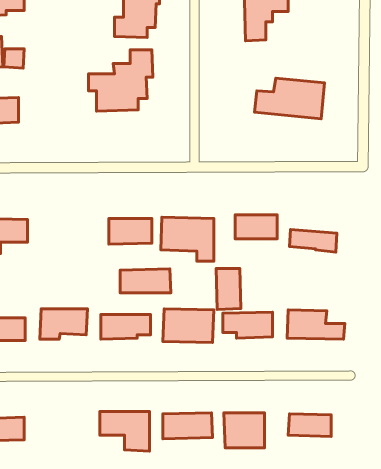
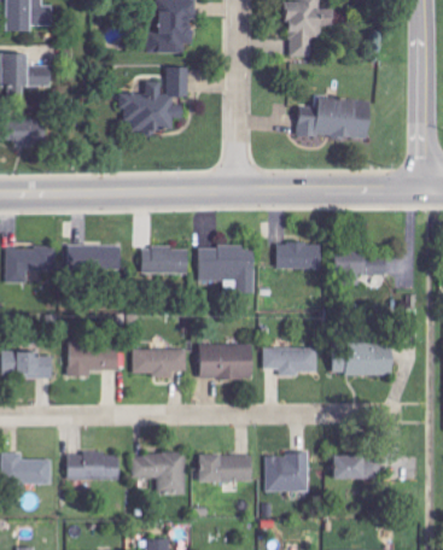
building: [216,268,241,310] -> none
building: [120,269,171,293] -> [68,244,122,269]
building: none -> [65,452,120,480]

